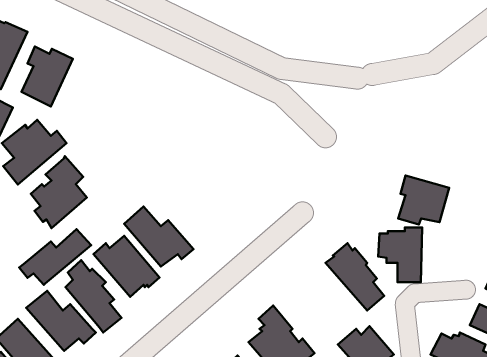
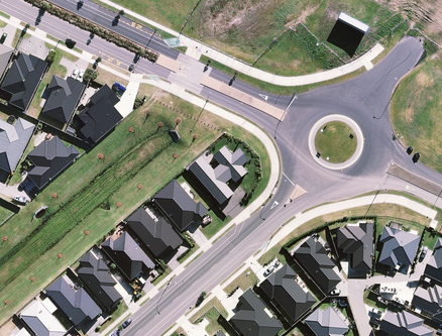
building: none -> [188,145,249,205]
building: [31,156,87,228] -> [76,83,122,142]
building: none -> [152,179,209,231]
building: [398,176,449,225] -> [377,226,420,266]
building: [19,229,91,285] -> none
building: none -> [258,262,316,320]

